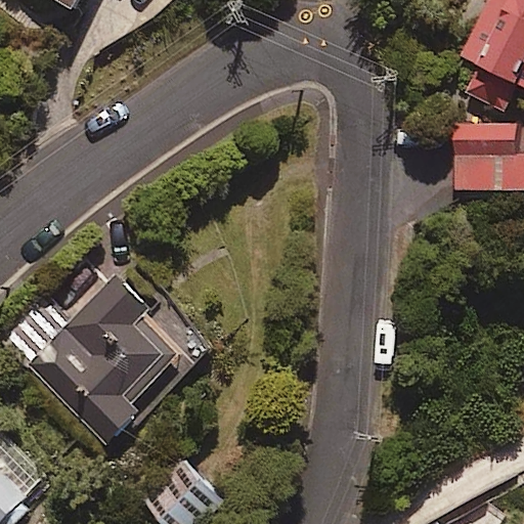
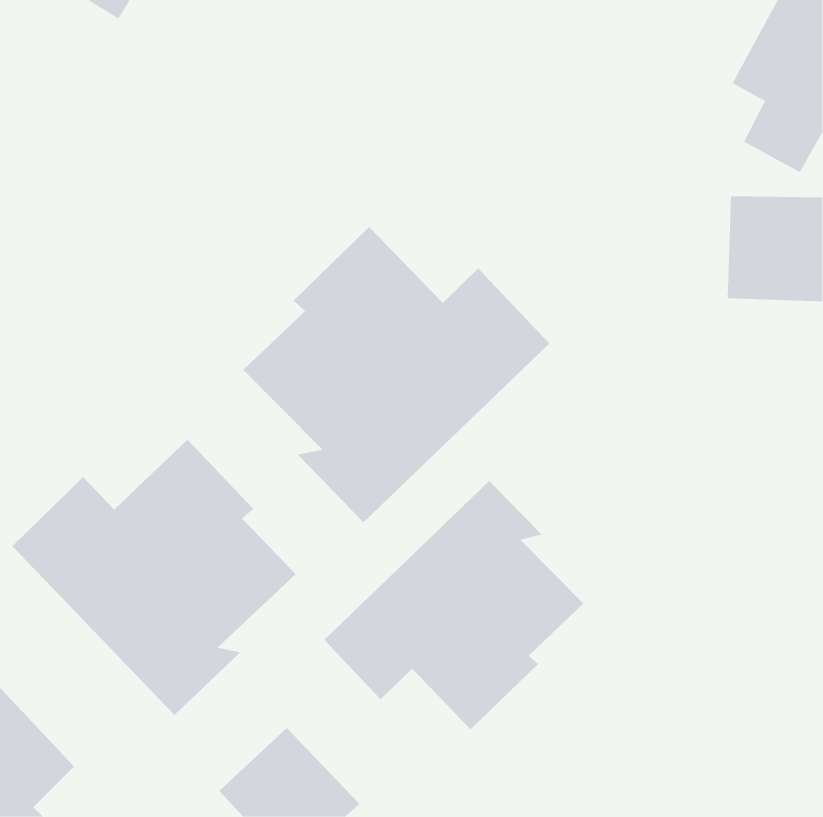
building: none -> [243,226,550,523]
building: none -> [323,480,584,730]

